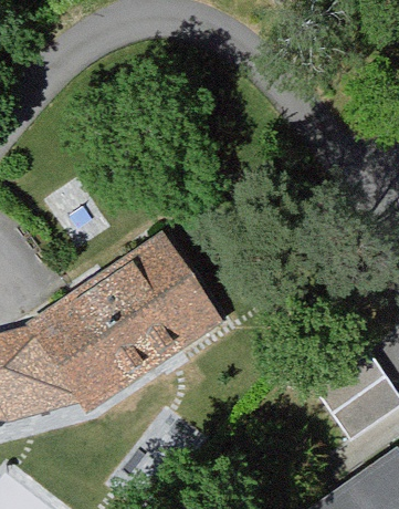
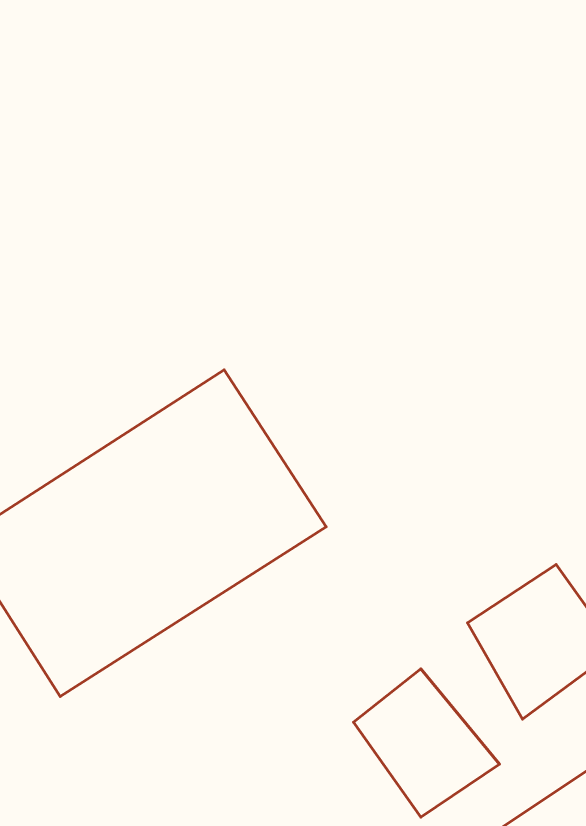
building: none -> [353,669,500,817]

